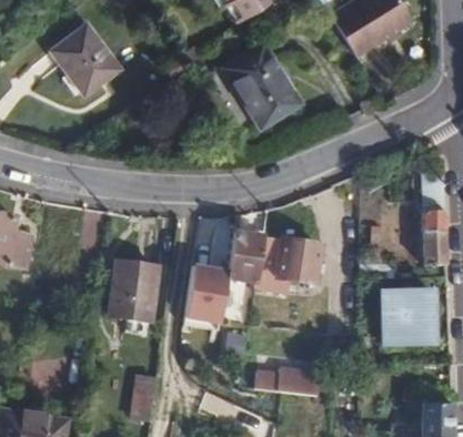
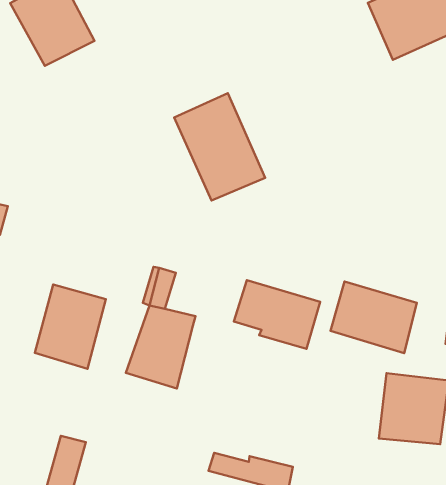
building: [225,41,302,125] -> [174,93,265,201]
building: none -> [330,281,417,353]
building: [228,233,264,283] -> none

